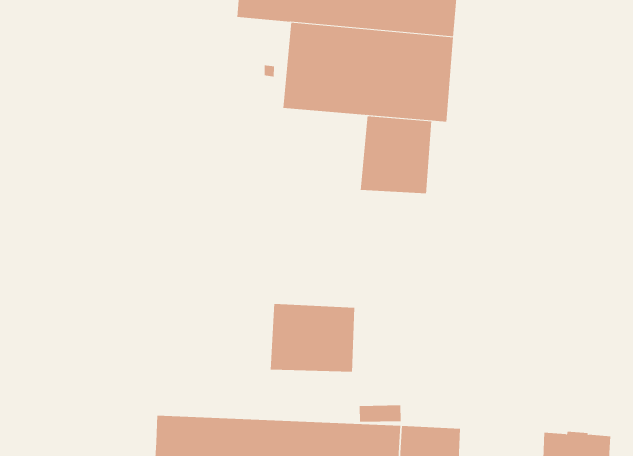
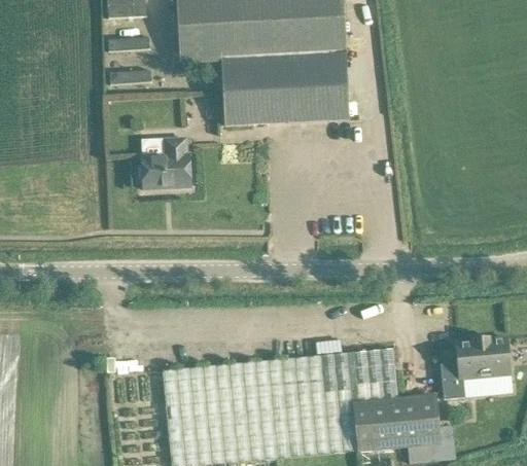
building: none -> [138,138,190,189]
building: [360,115,432,194] -> none
building: [270,303,355,372] -> none

